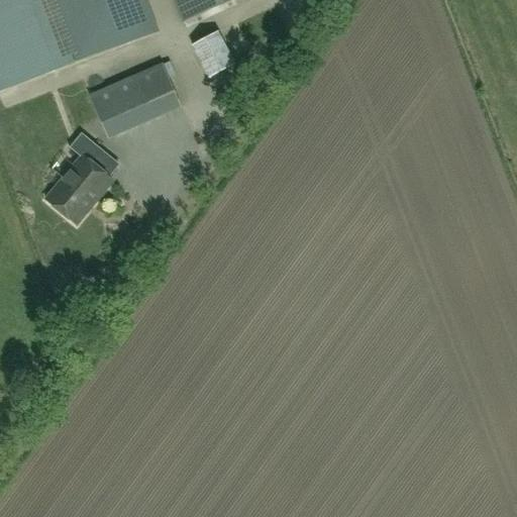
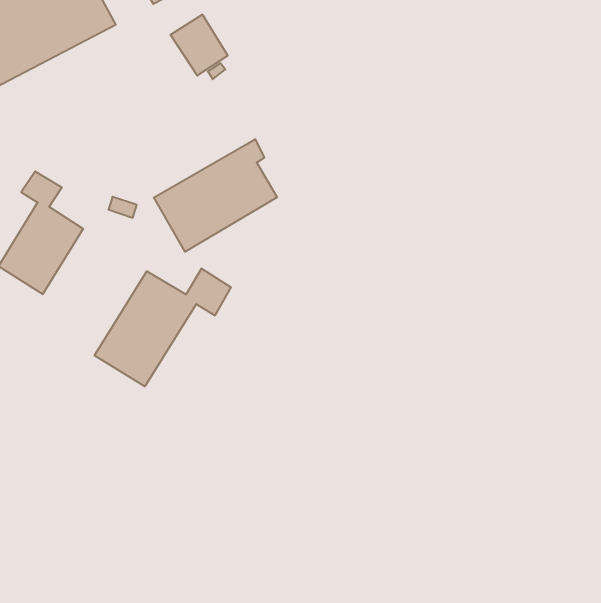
building: [91,59,182,135] -> [154,139,277,252]
building: none -> [95,268,231,386]

